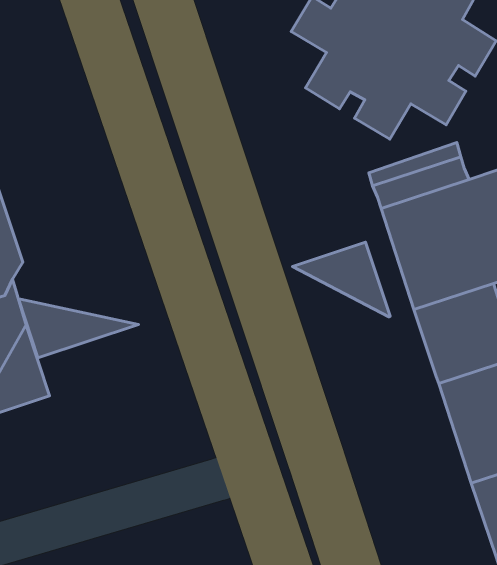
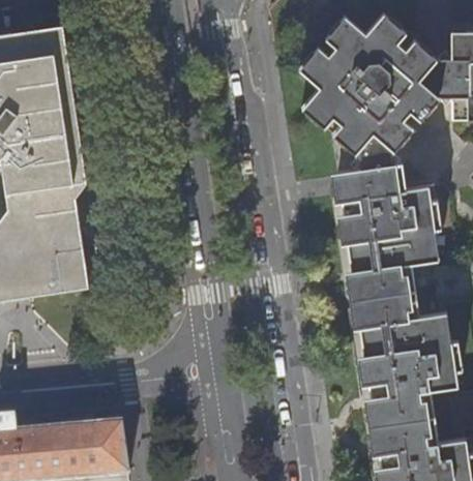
building: [293,242,390,317] -> none
building: [19,299,138,358] -> none

